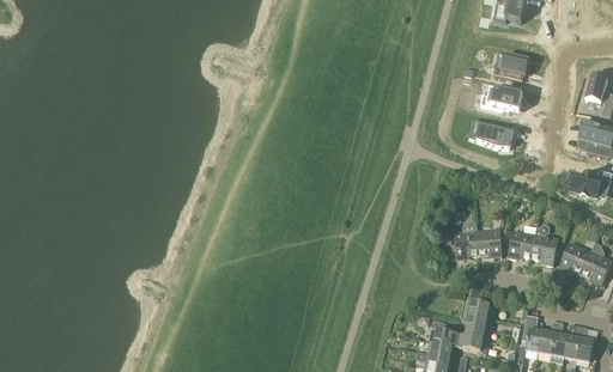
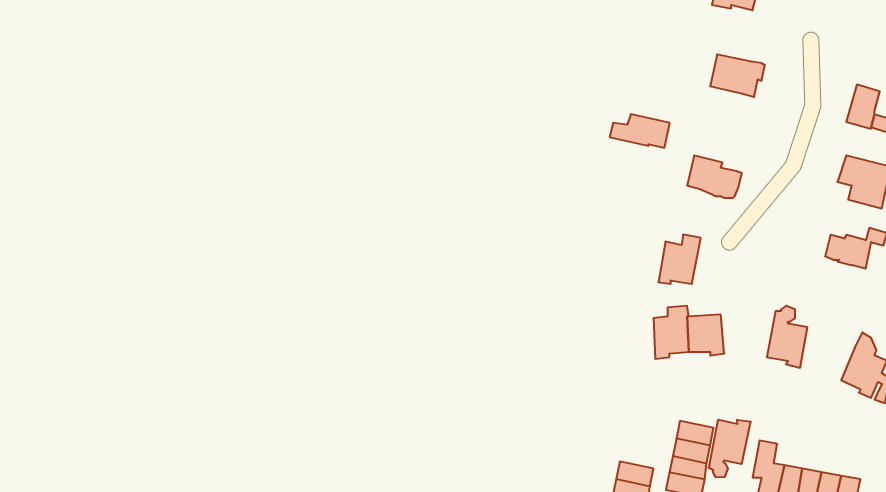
building: [479,89,520,111] -> [610,114,670,148]
building: [508,222,536,256] -> [658,234,701,284]
building: [558,239,590,272] -> none
building: none -> [709,420,750,477]

